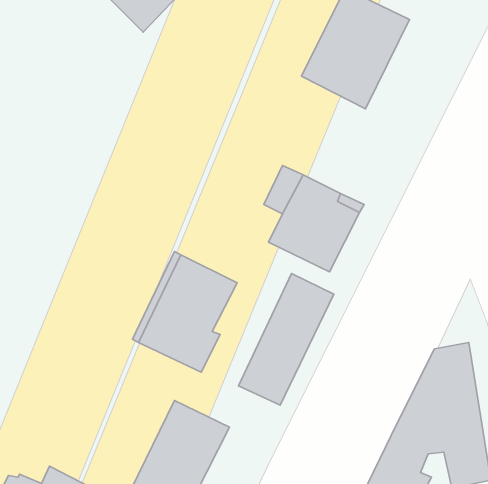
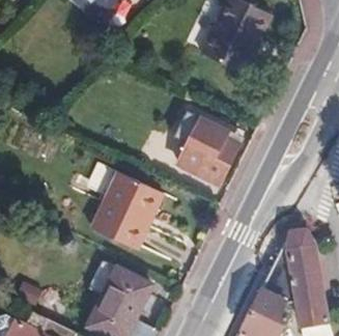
building: [239,274,334,405] -> none

